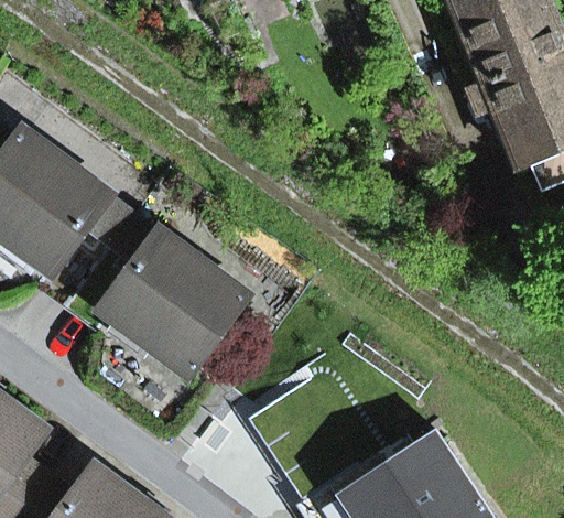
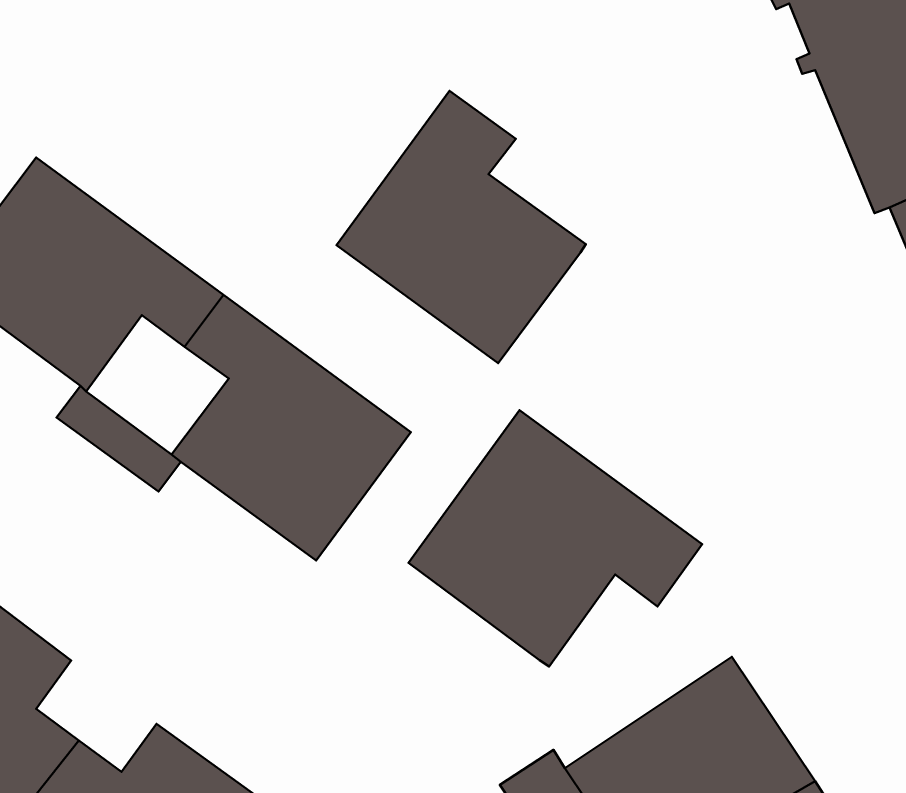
building: none -> [337,91,586,363]
building: none -> [408,410,702,666]

